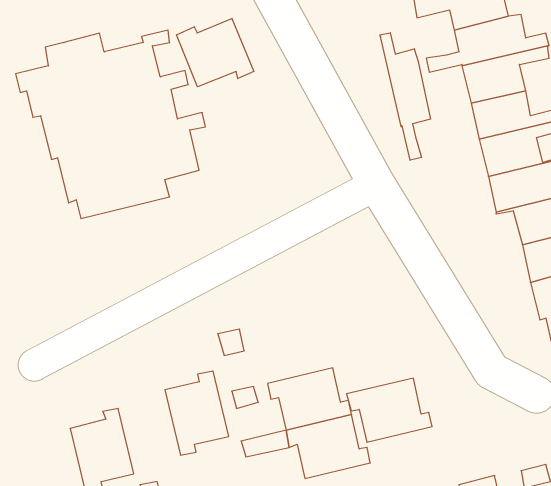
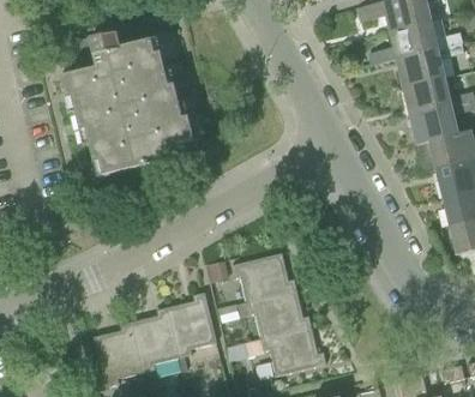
building: [177,18,254,87] -> none
building: [380,33,431,160] -> none
building: [347,378,432,442] -> [229,253,295,302]
building: none -> [130,307,178,372]

